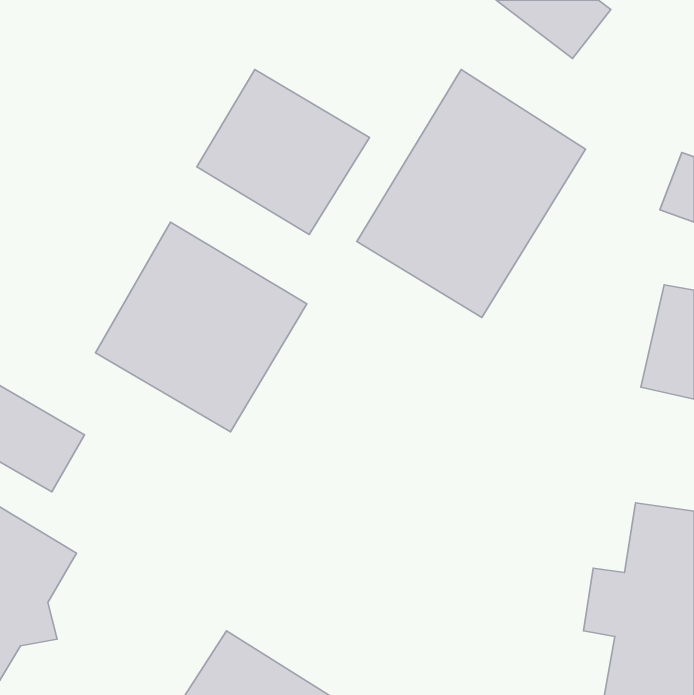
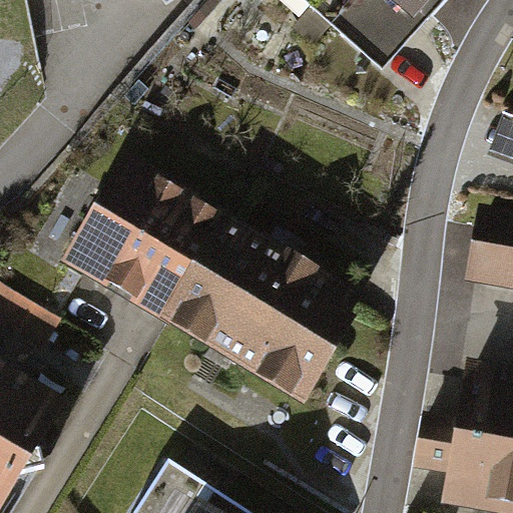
building: [197,70,369,235] -> none
building: [357,70,586,317] -> none
building: none -> [169,224,336,400]

